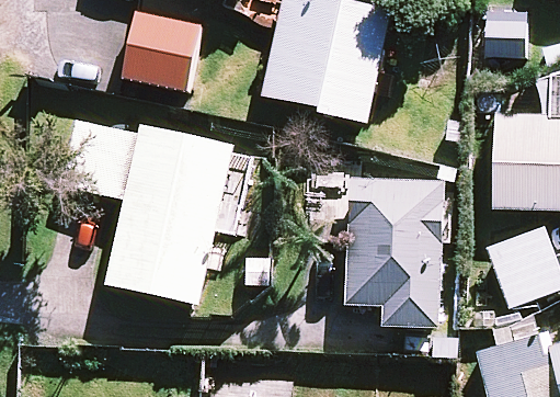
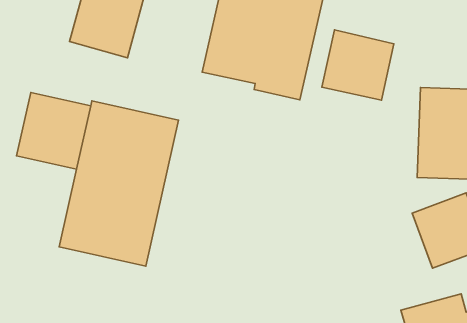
building: none -> [322,30,394,100]
building: [344,178,445,326] -> none

